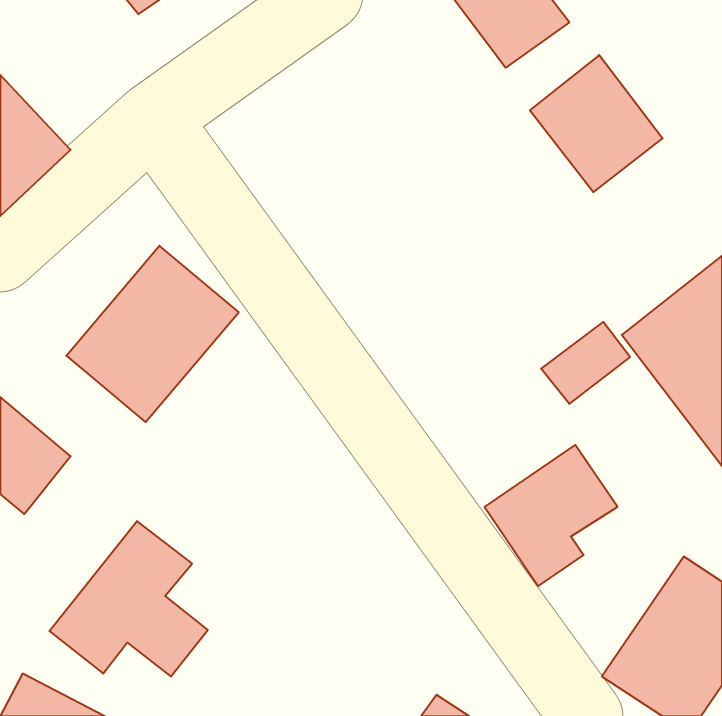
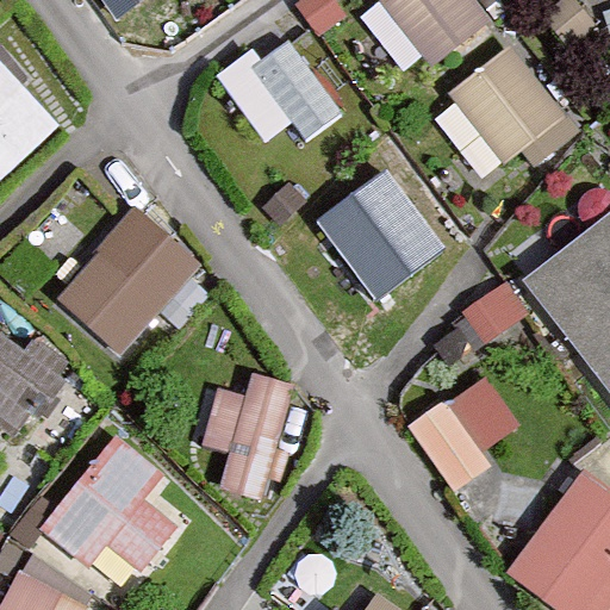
building: none -> [217,42,342,143]
building: none -> [315,156,444,293]
building: none -> [206,371,295,504]

